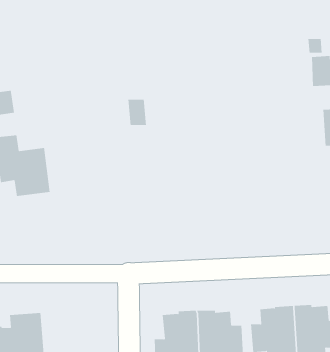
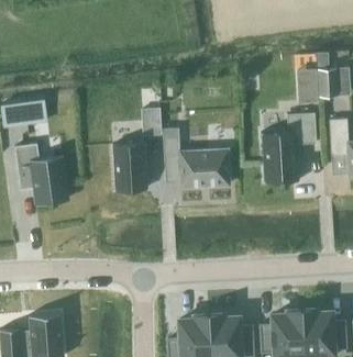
building: none -> [297,69,318,103]
building: none -> [262,113,316,183]
building: none -> [163,129,230,187]
building: none -> [112,144,146,191]

